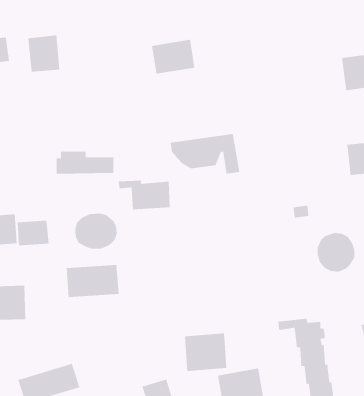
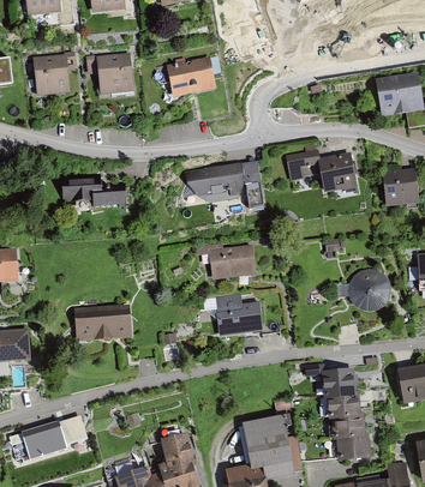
building: none -> [96,53,132,95]
building: none -> [285,149,354,193]
building: [118,180,170,210] -> [196,245,253,277]
building: [75,213,117,250] -> none
building: [17,220,49,246] -> none
building: [184,333,227,371] -> [215,293,262,335]

